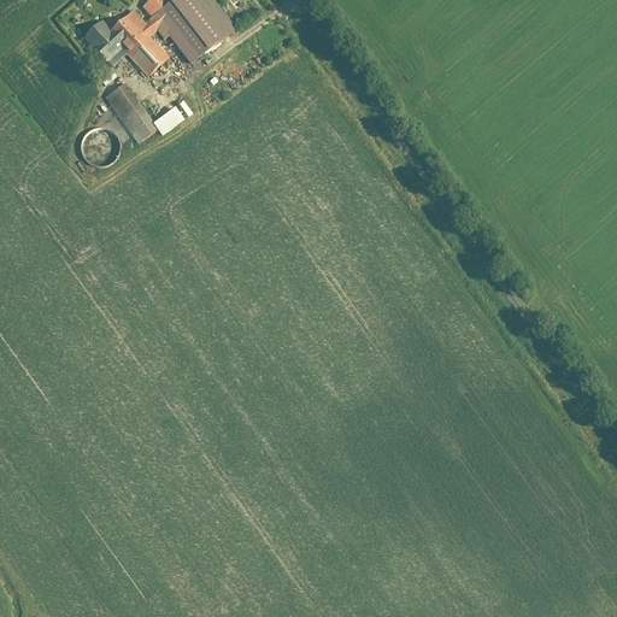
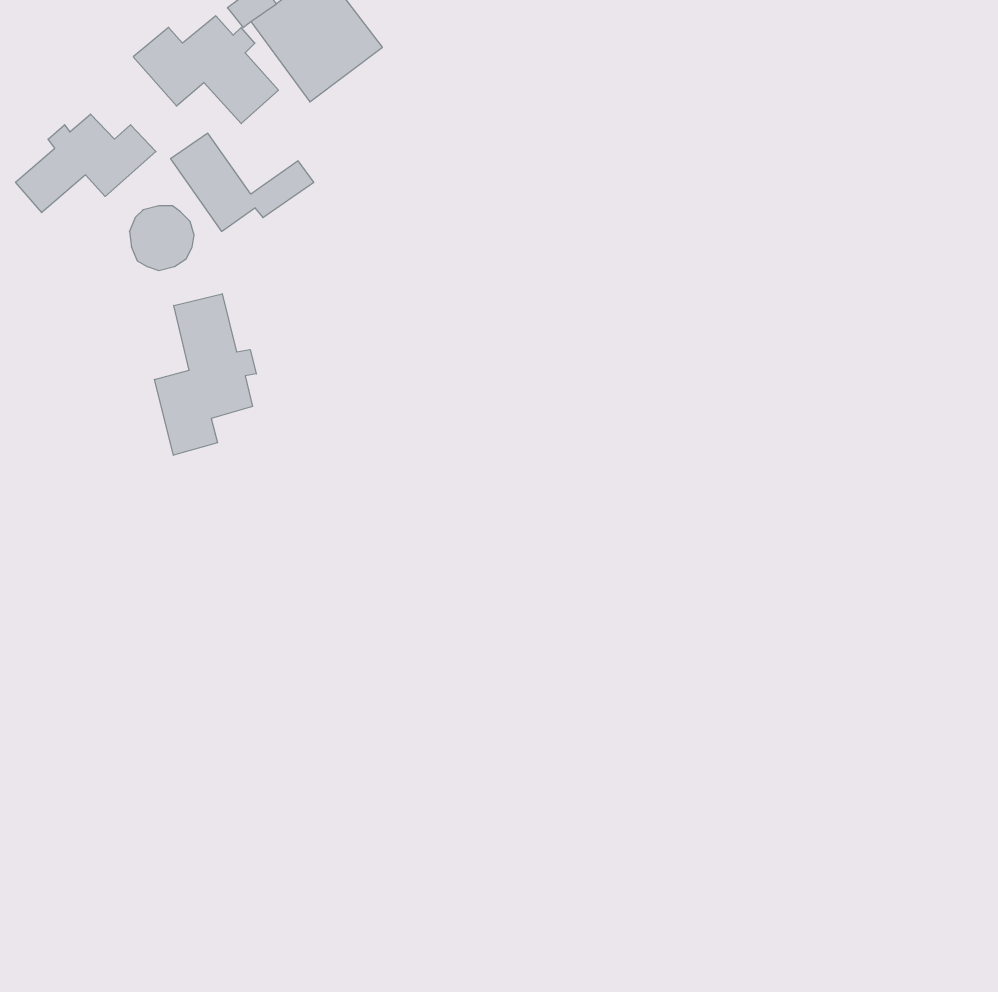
building: none -> [16,114,156,213]
building: none -> [154,294,256,455]

